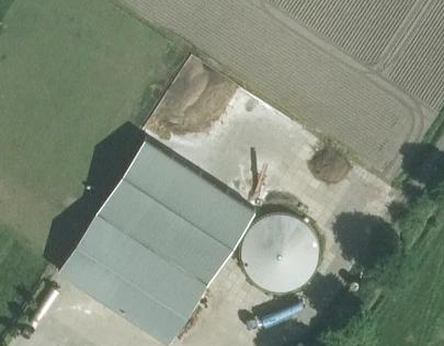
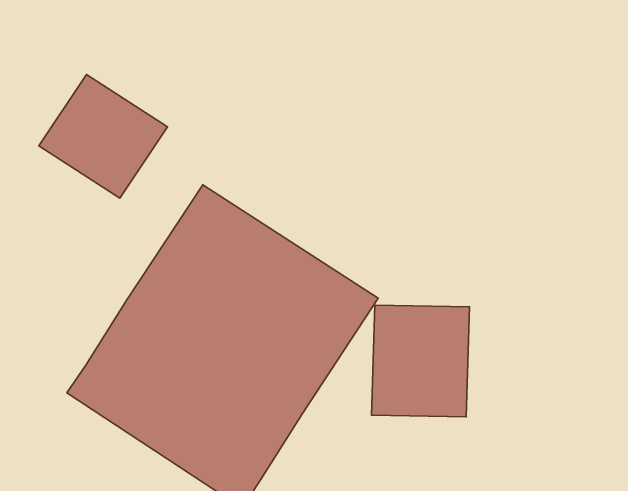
building: none -> [39,74,168,198]

